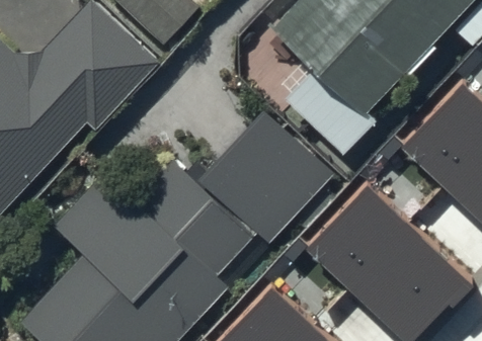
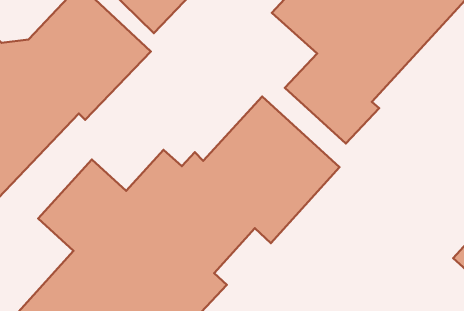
building: [320,169,446,304] -> none

